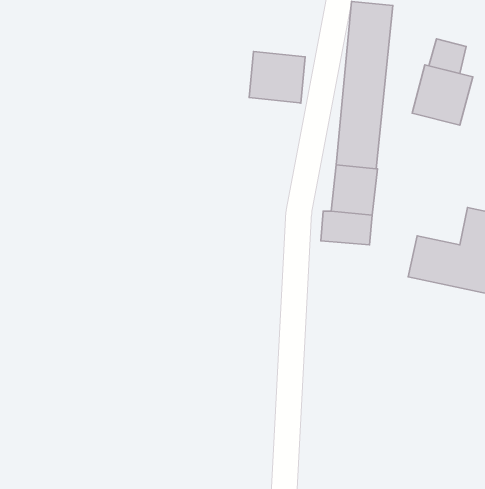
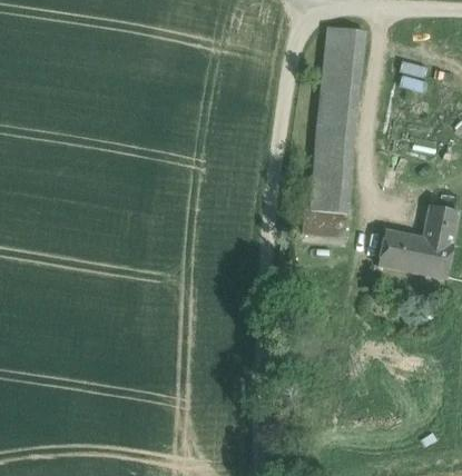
building: [249,51,305,103] -> none
building: [412,65,473,125] -> none

